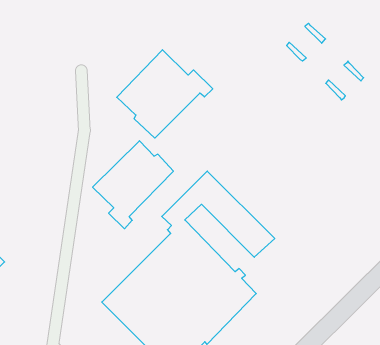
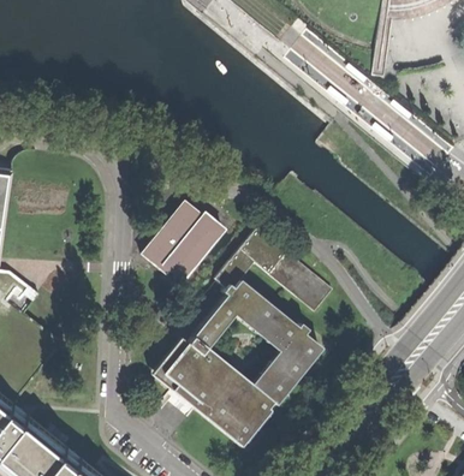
building: [117,50,213,138] -> none

